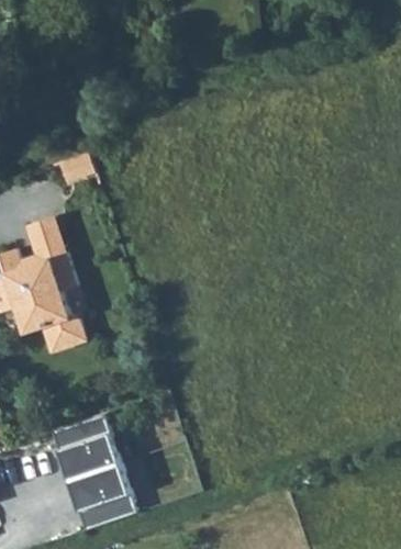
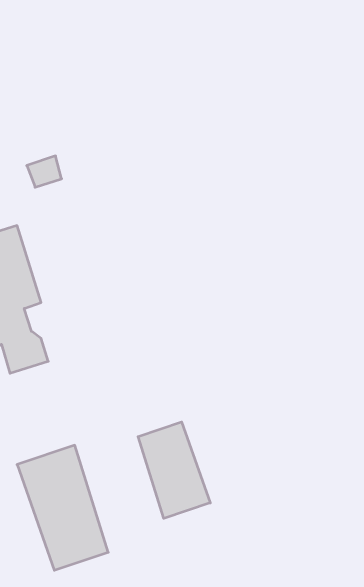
building: none -> [138,422,210,518]

